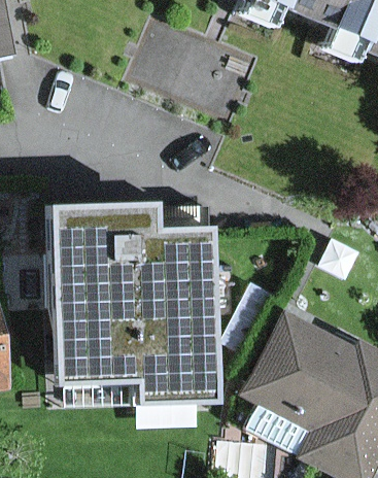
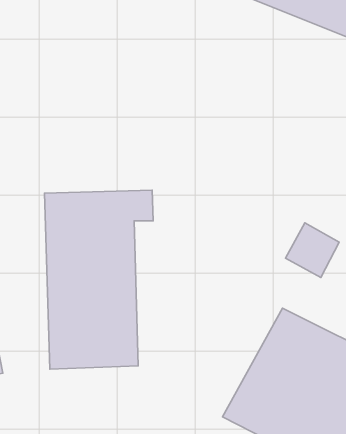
building: [146,232,217,405] -> none

